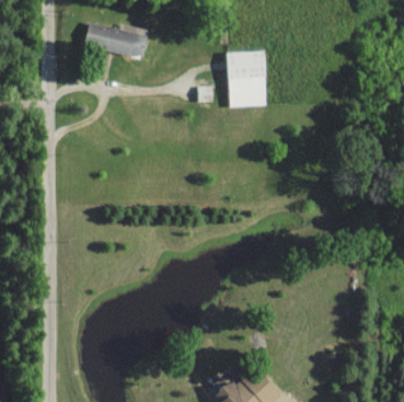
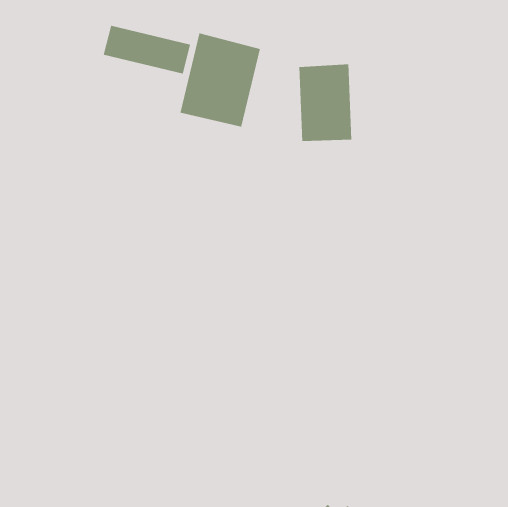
building: none -> [180,33,261,128]

